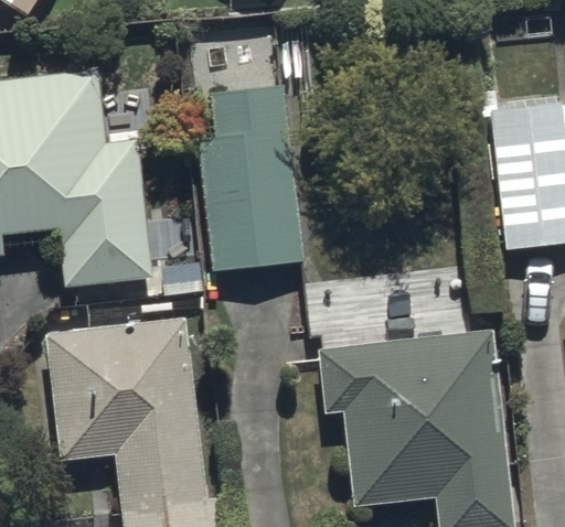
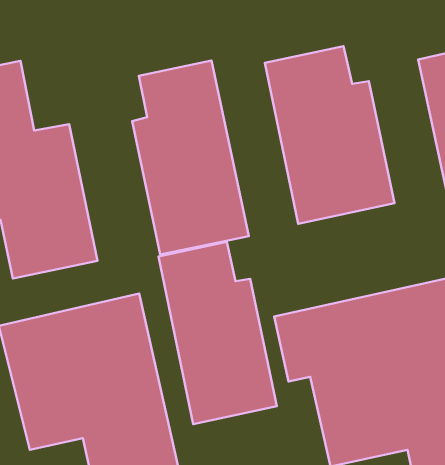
building: none -> [265,46,394,224]
building: none -> [158,242,277,424]

